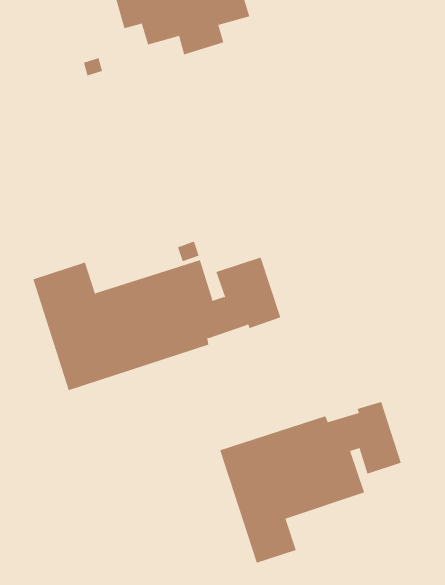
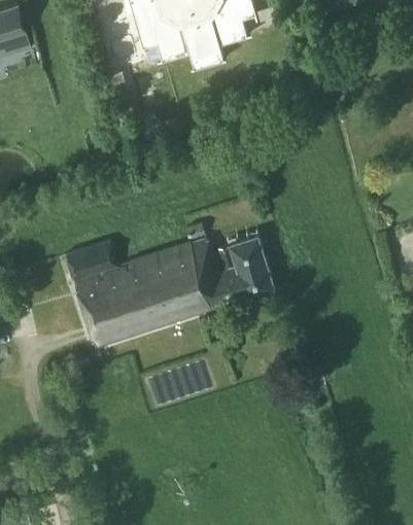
building: [219,401,402,564] -> none

